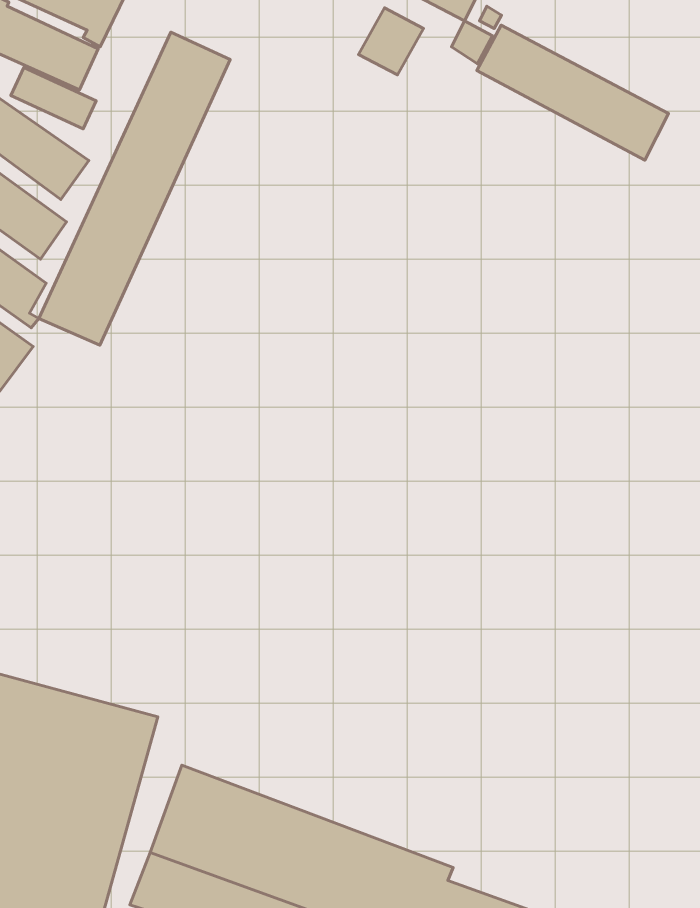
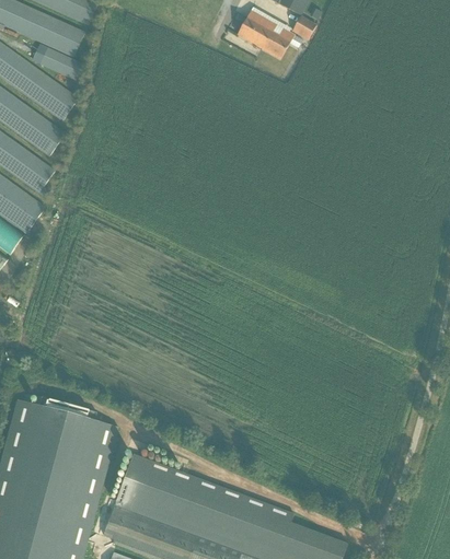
building: [477,25,668,160] -> none
building: none -> [259,20,301,59]
building: [39,32,230,345] -> none

